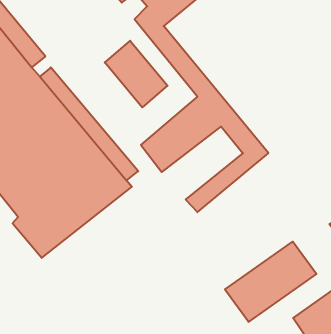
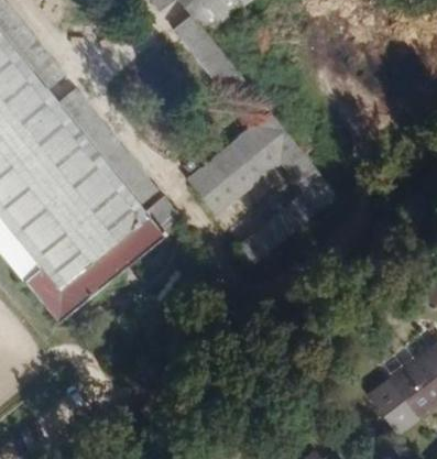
building: [105,41,168,107] -> none
building: [225,242,316,322] -> none

